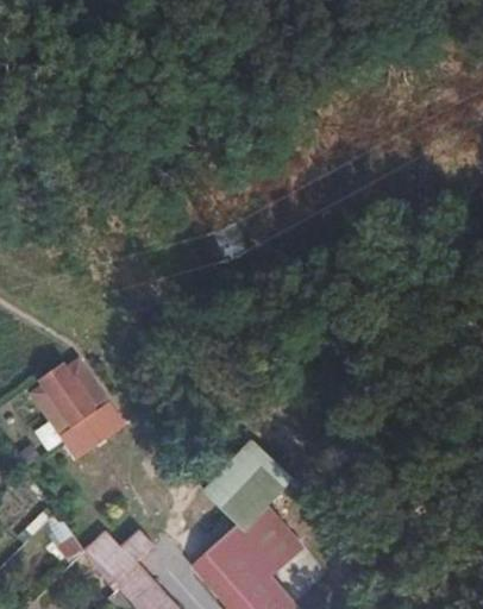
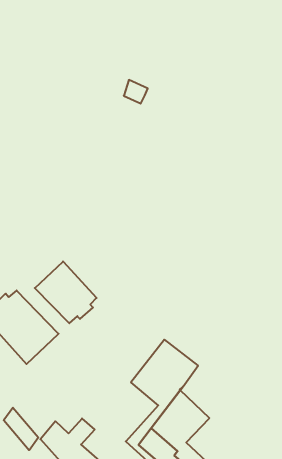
building: none -> [35,261,97,323]

